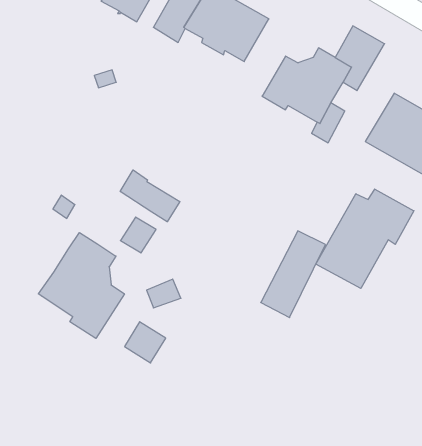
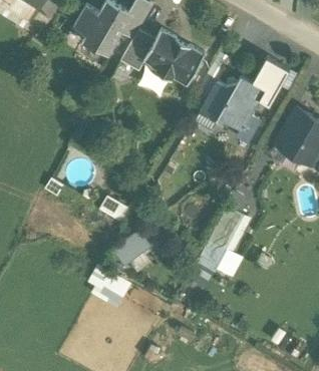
building: [120,170,180,222] -> none
building: [316,189,414,288] -> none
building: [38,233,124,338] -> none

